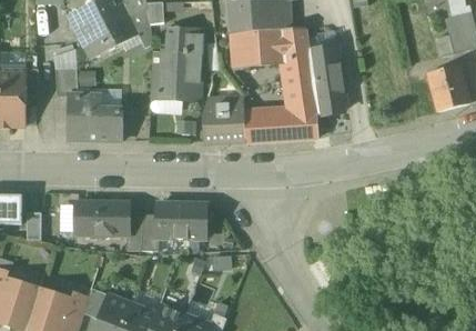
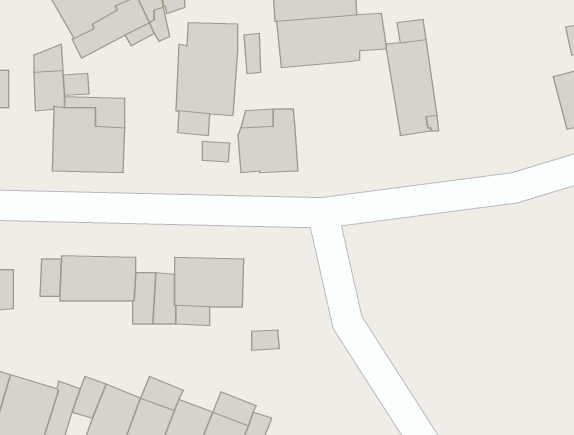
building: [250,52,318,140] -> none

